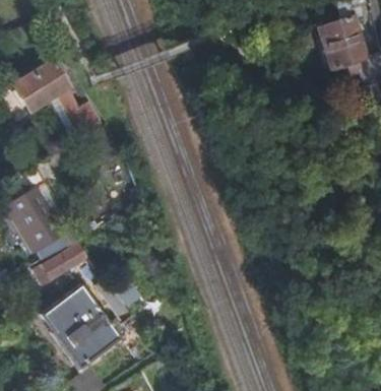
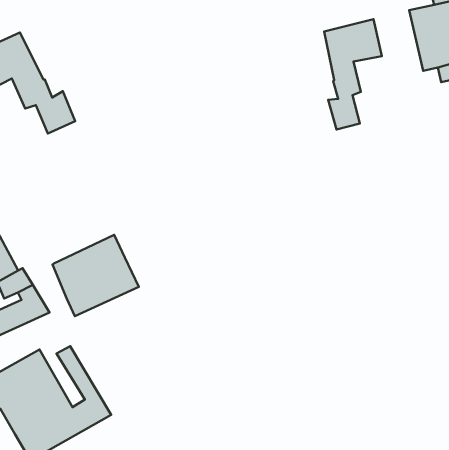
building: none -> [324,19,382,129]
building: none -> [53,235,139,316]

